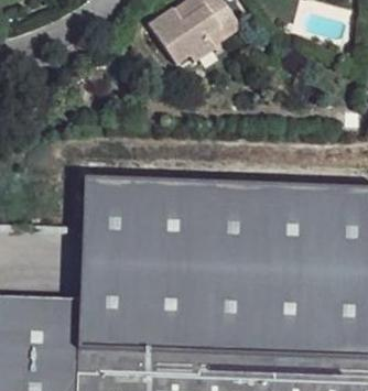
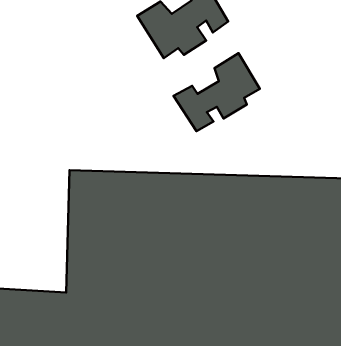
building: none -> [173,53,260,131]

